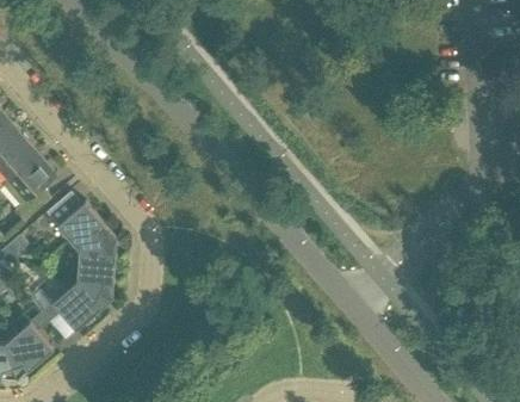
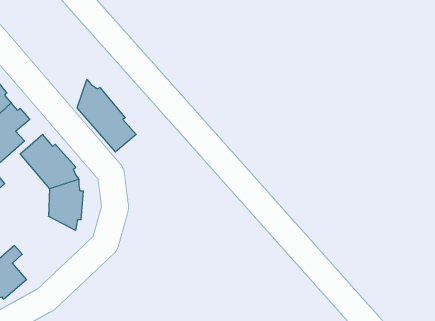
building: none -> [77,80,136,152]
building: [39,278,106,328] -> none

